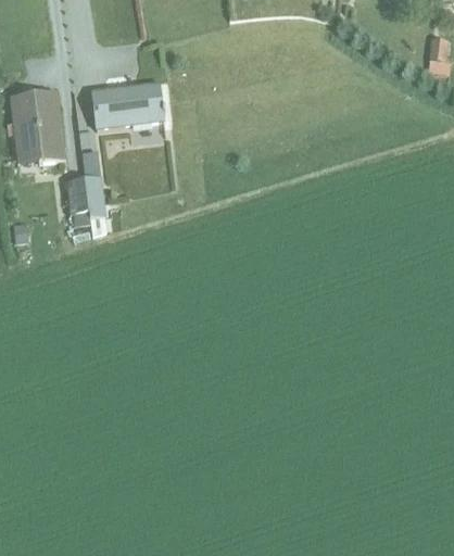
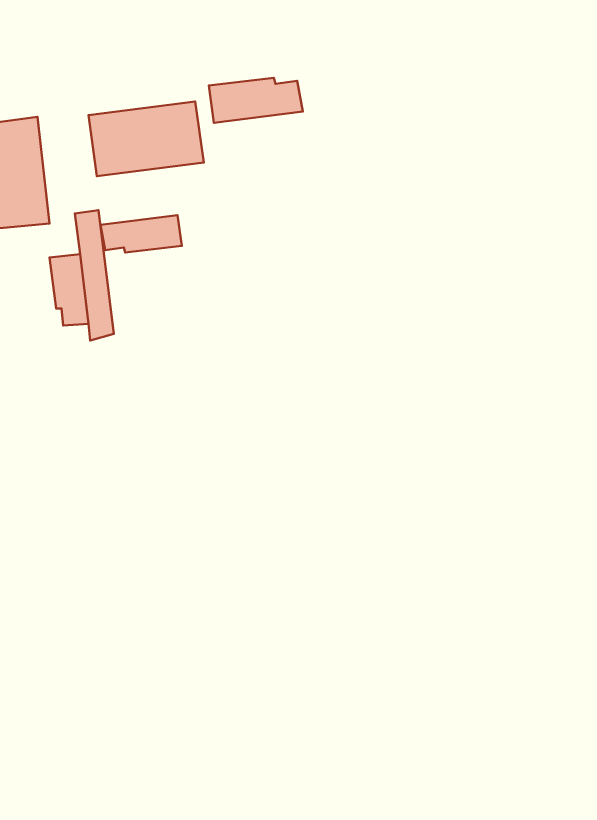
building: none -> [209,78,303,123]
building: none -> [100,215,182,252]

